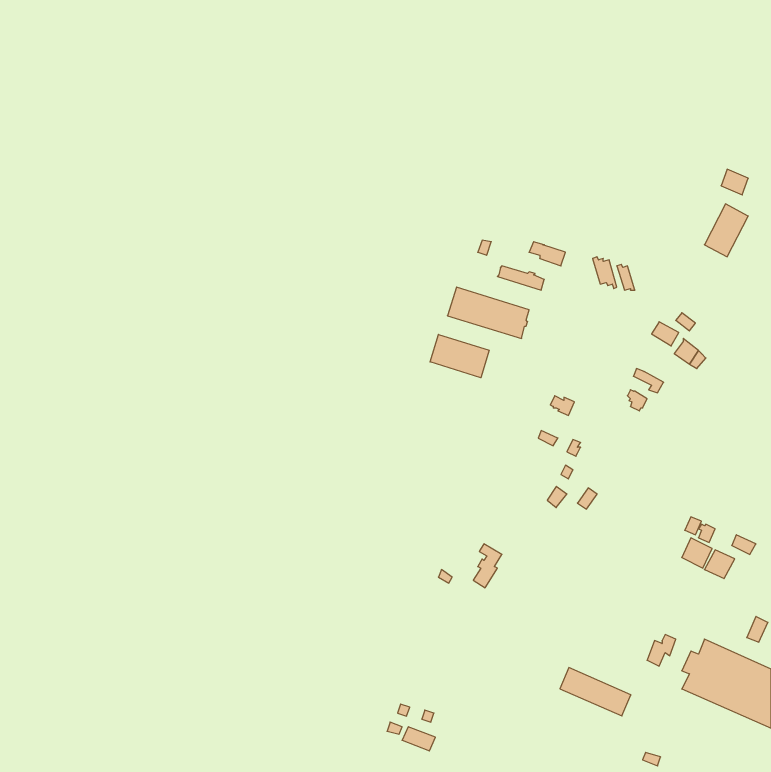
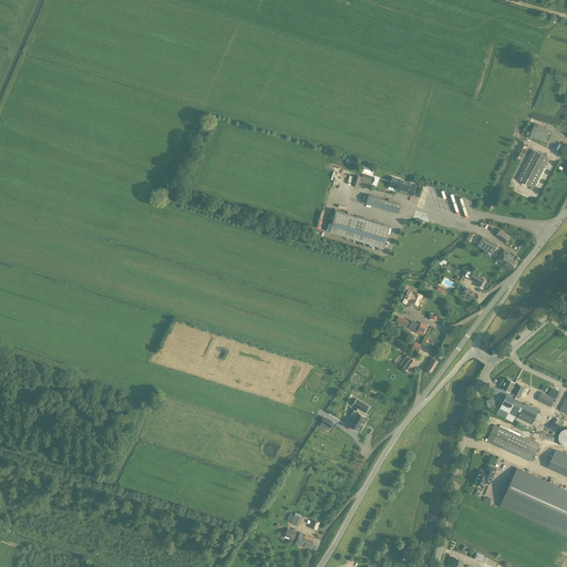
building: [430,334,489,378] -> none
building: [560,668,631,716] -> [486,425,538,461]

